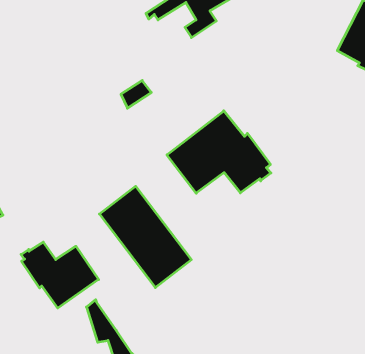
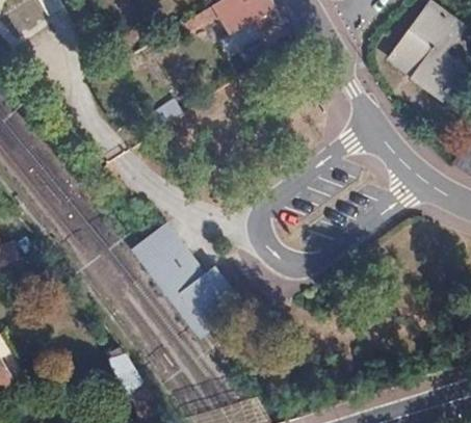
building: [167,111,271,193] -> none
building: [21,242,99,308] -> none

